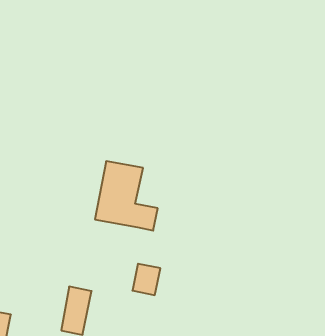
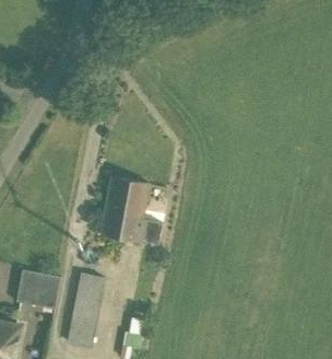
building: none -> [15,270,60,309]
building: [132,264,160,295] -> [76,274,104,304]

